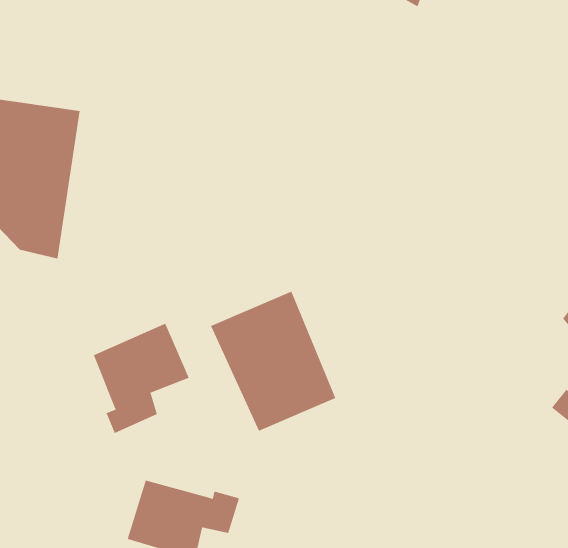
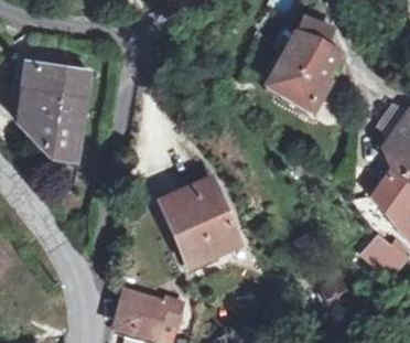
building: none -> [258,28,330,118]
building: [93,323,189,434] -> none

